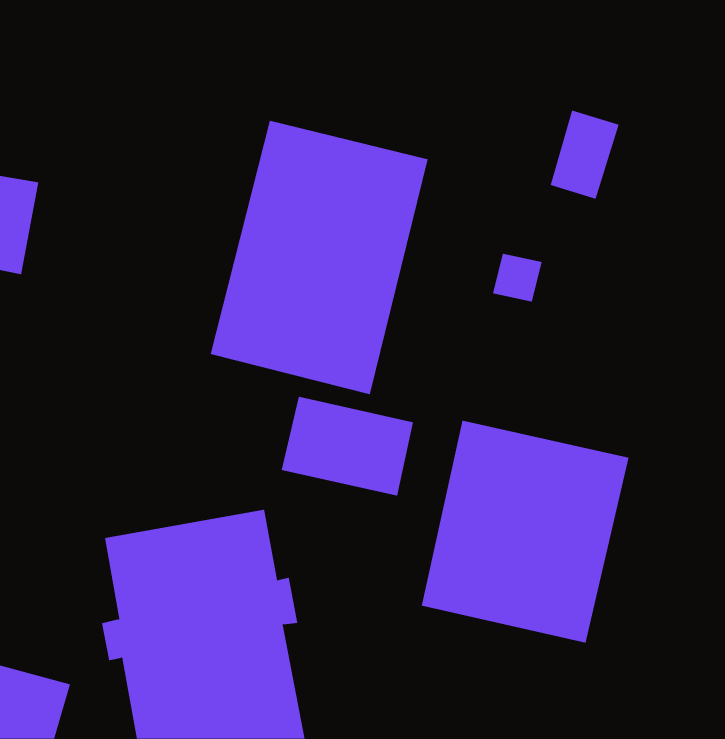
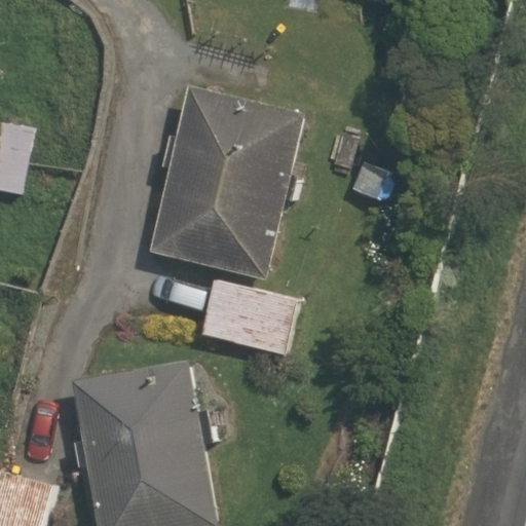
building: [421,420,629,644] -> none

